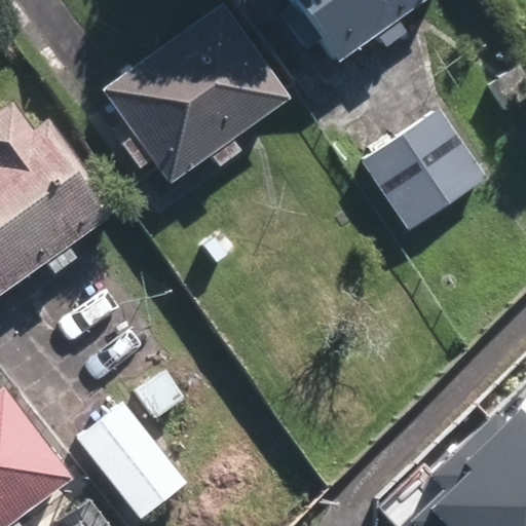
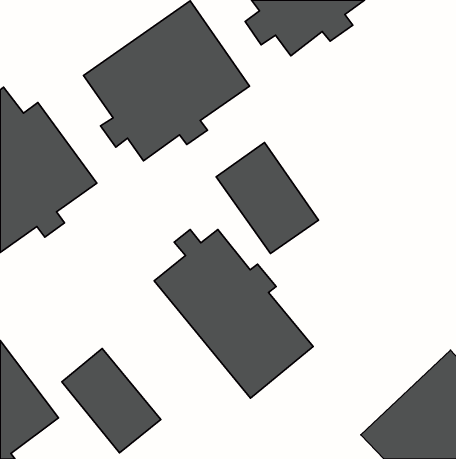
building: [359,106,489,235] -> none
building: none -> [216,142,318,254]
building: none -> [154,229,313,398]

